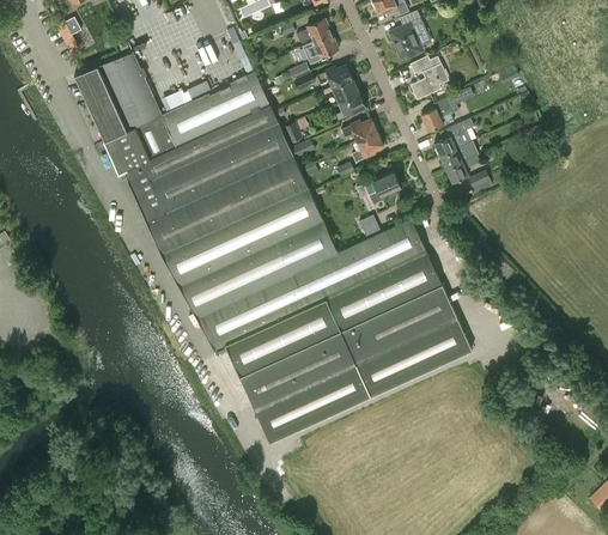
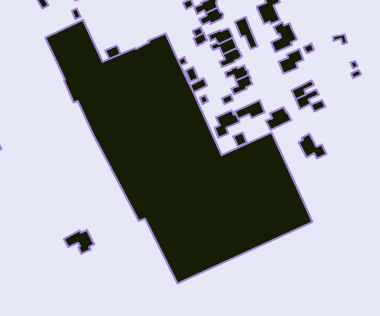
building: none -> [235,17,257,49]
building: [433,123,472,157] -> [266,107,292,130]
building: none -> [215,110,239,138]
building: none -> [299,134,326,158]
building: none -> [64,230,94,254]

